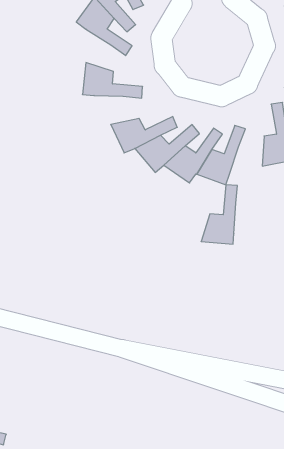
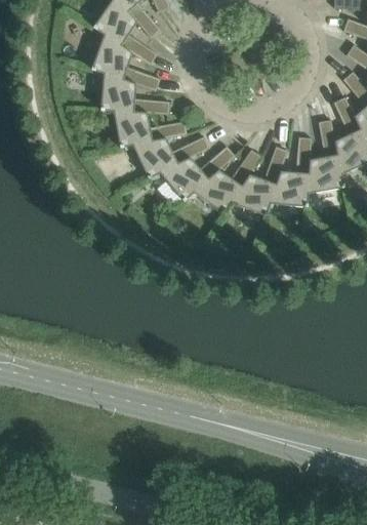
building: none -> [91,34,160,90]
building: none -> [113,111,187,147]
building: [201,185,237,244] -> [270,136,312,205]

